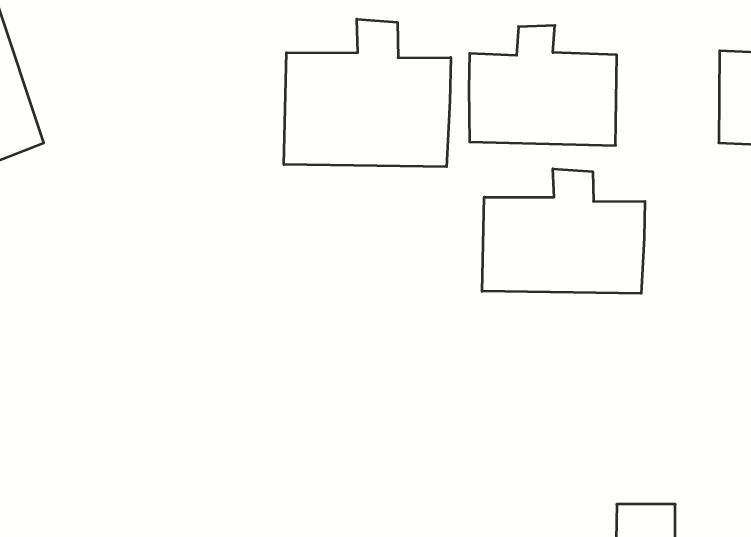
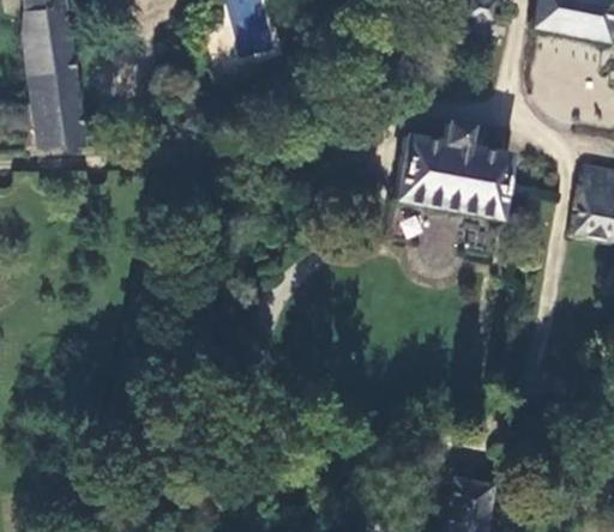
building: [284,19,451,167] -> none
building: [482,169,645,293] -> none

